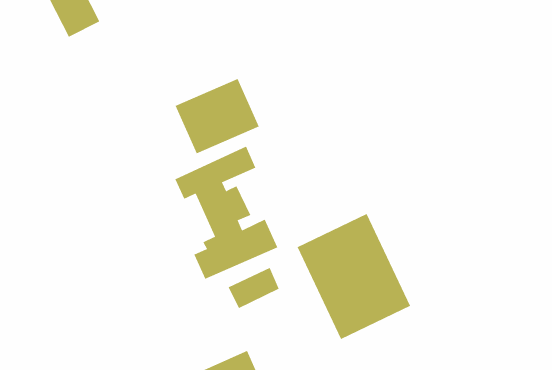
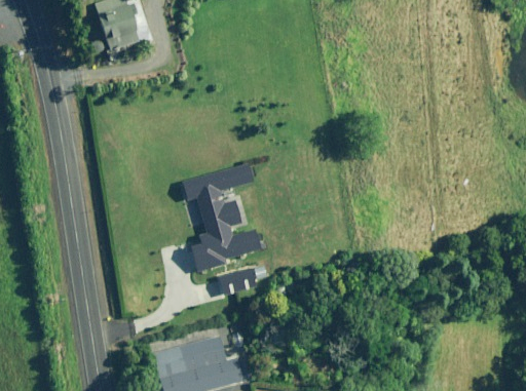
building: [175,78,259,154] -> none
building: [297,213,411,340] -> none

